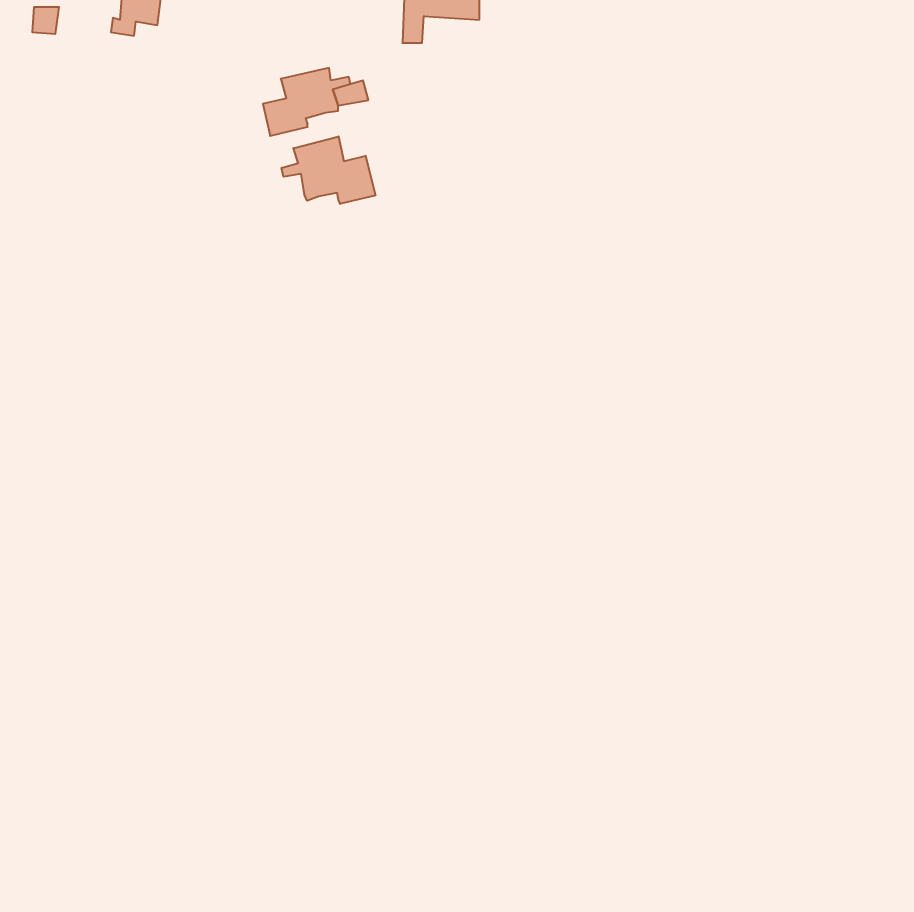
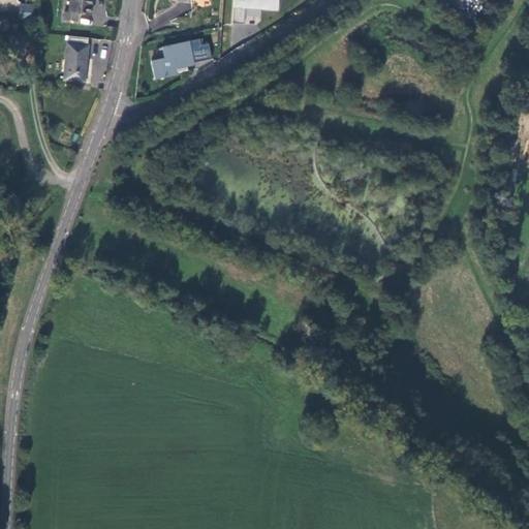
building: none -> [64,35,88,82]
building: [282,136,376,204] -> none

